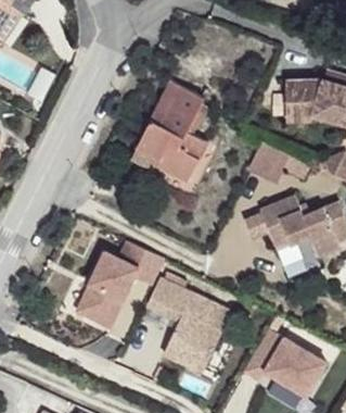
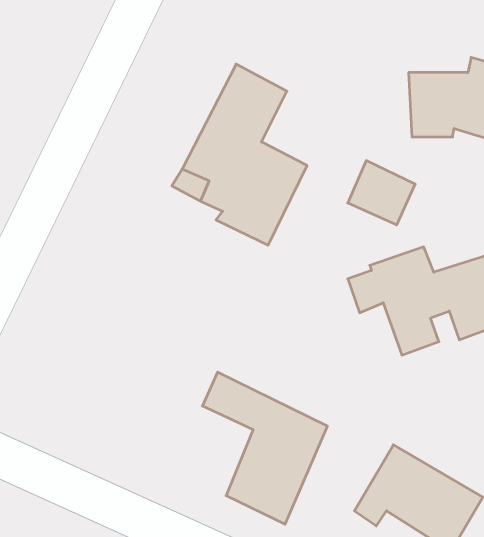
building: [75,246,164,333] -> none

